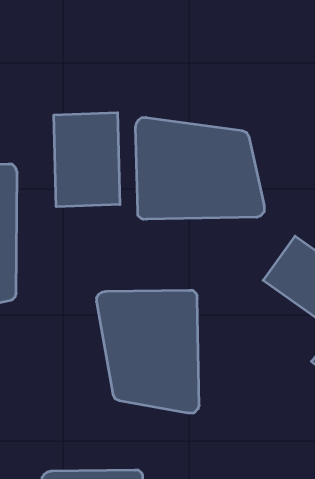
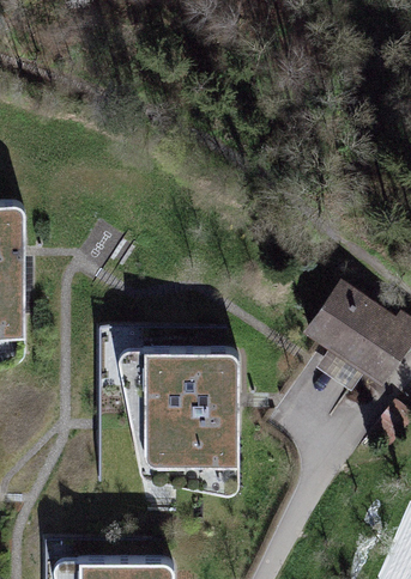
building: [54,113,120,207] -> none
building: [136,117,264,219] -> none

